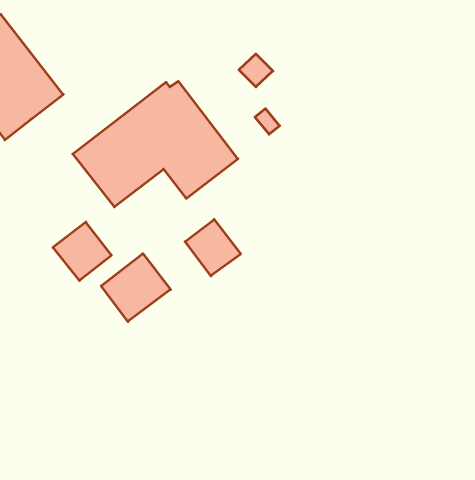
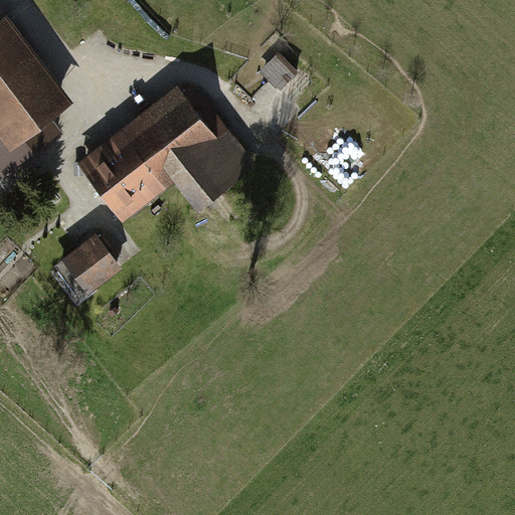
building: [185,219,241,276] -> none
building: [101,254,171,322] -> none

